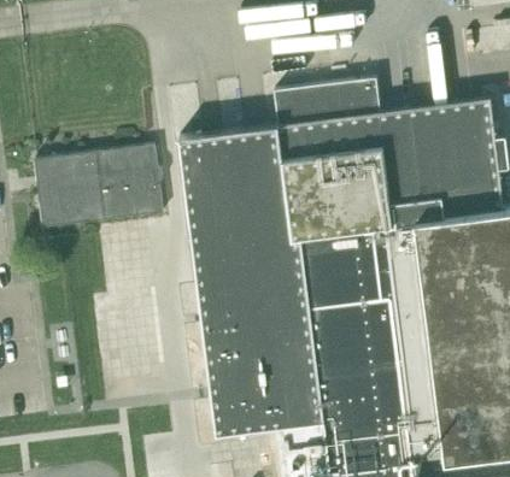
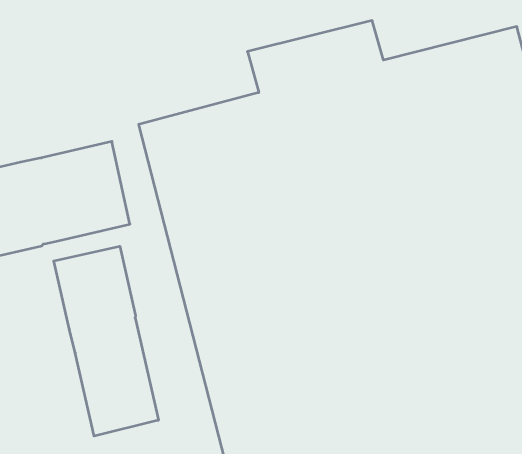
building: none -> [54,246,158,436]

